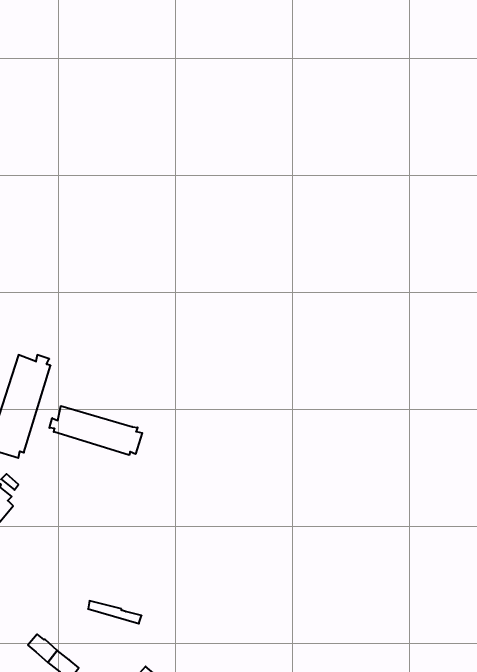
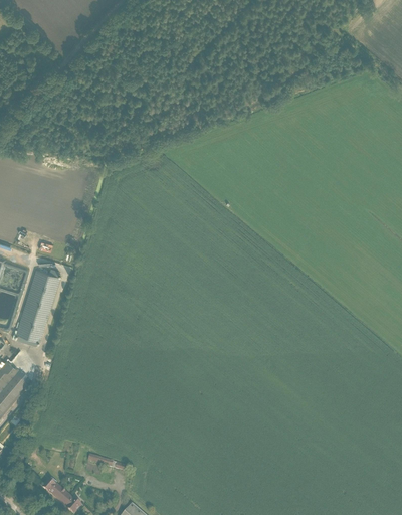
building: [49,406,142,455] -> none

